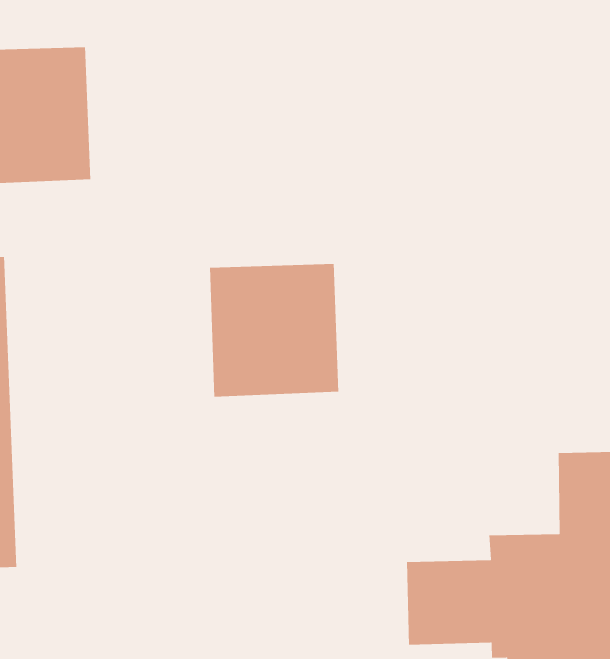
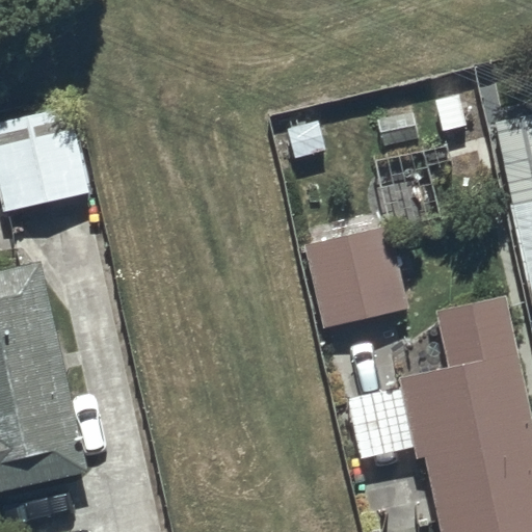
building: [209,263,339,397] -> [304,223,408,329]

